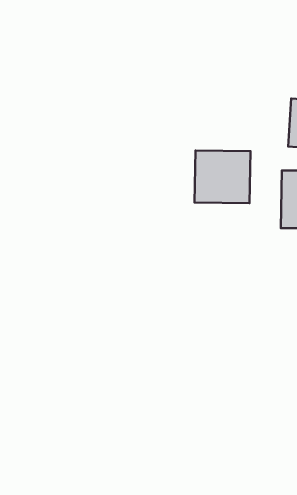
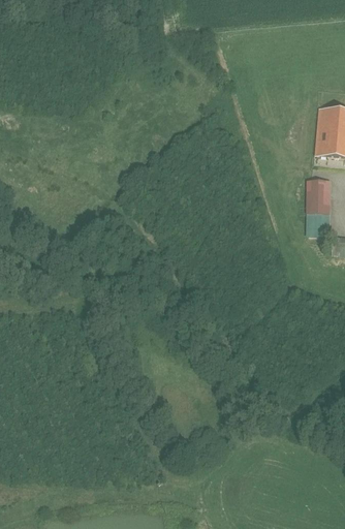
building: [194,150,251,203] -> none

